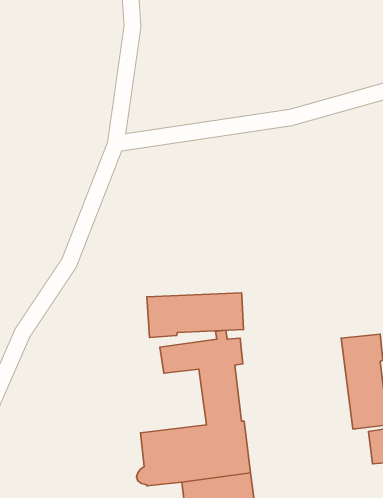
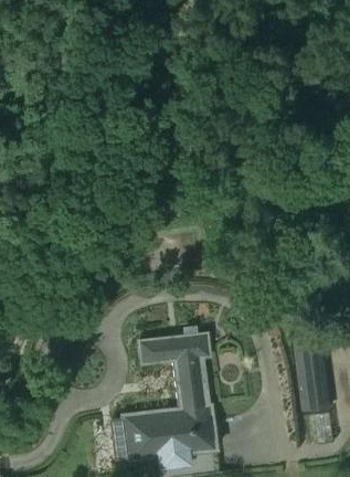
building: [147,293,244,337] -> none

